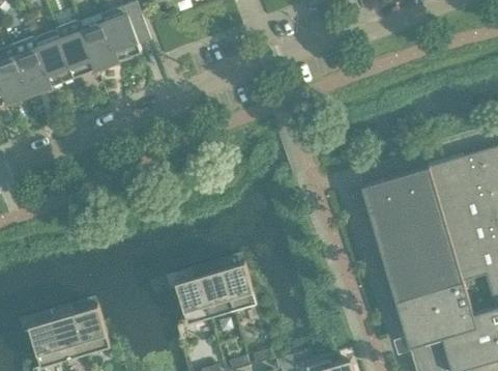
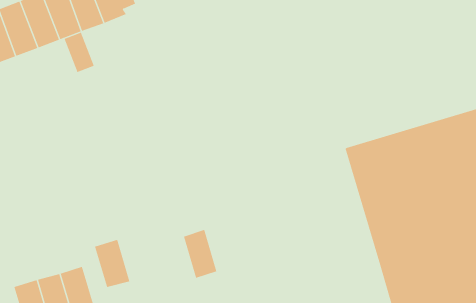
building: none -> [64,32,95,73]
building: [221,261,257,310] -> none
building: [175,275,211,323] -> [94,239,130,288]

